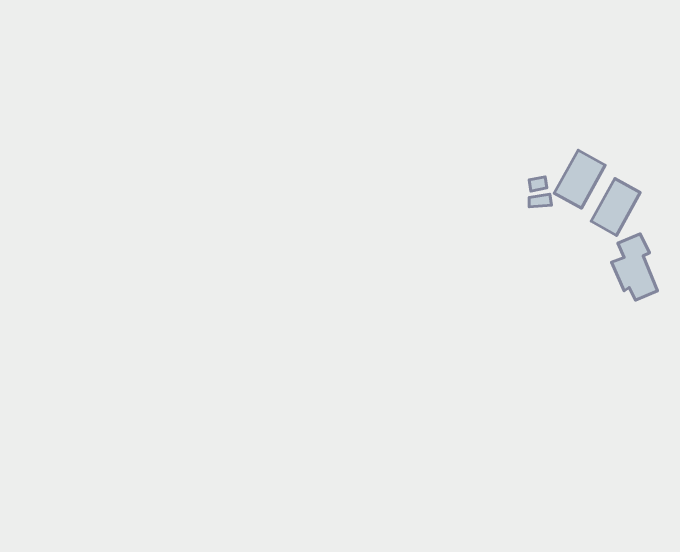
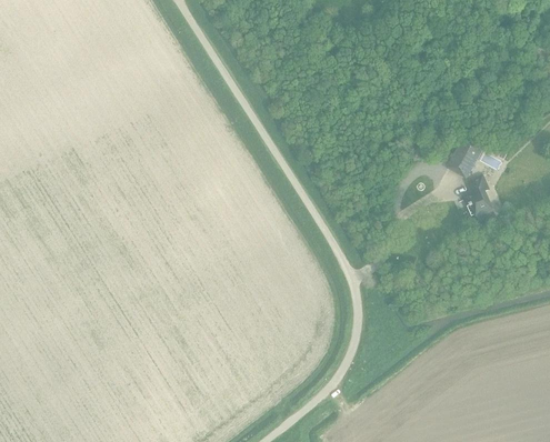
building: [554,150,605,208] -> none

